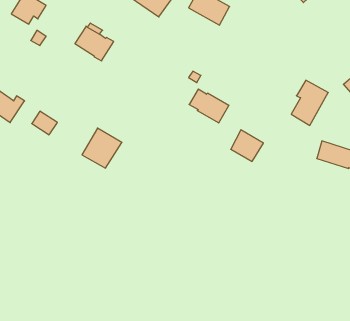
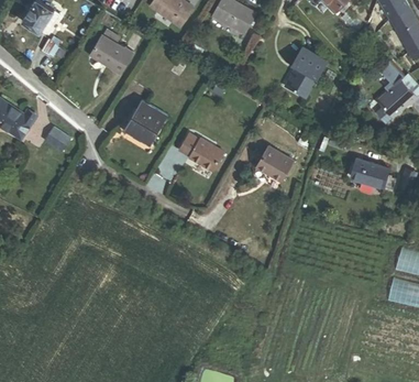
building: [291,80,328,125] -> [286,48,326,97]
building: [189,89,229,123] -> [179,135,222,172]
building: [82,128,122,168] -> [125,100,168,143]

